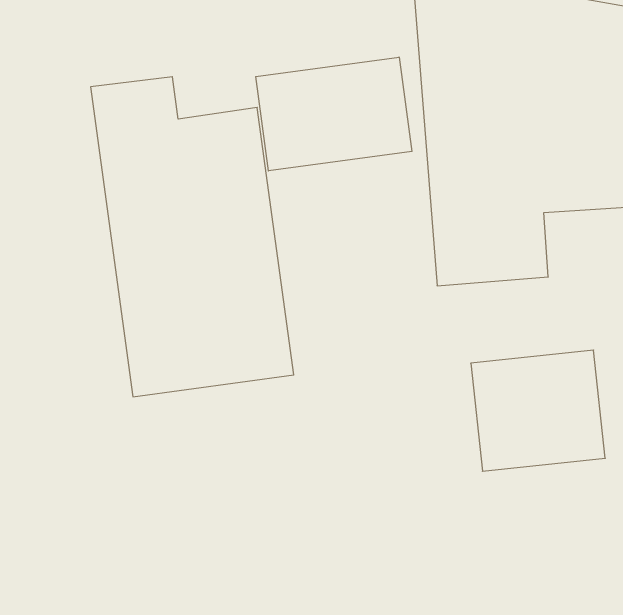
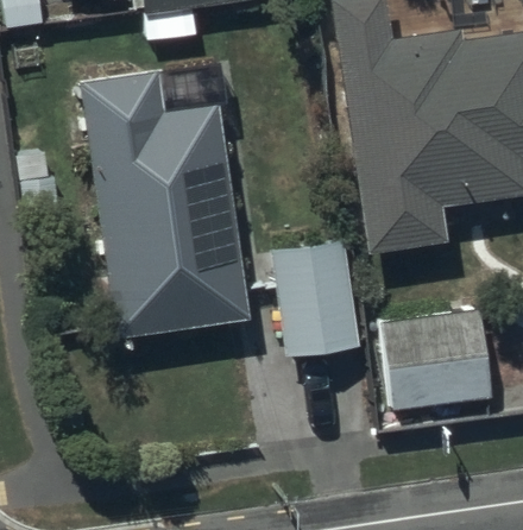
building: [256,57,412,171] -> none
building: none -> [276,235,365,352]

